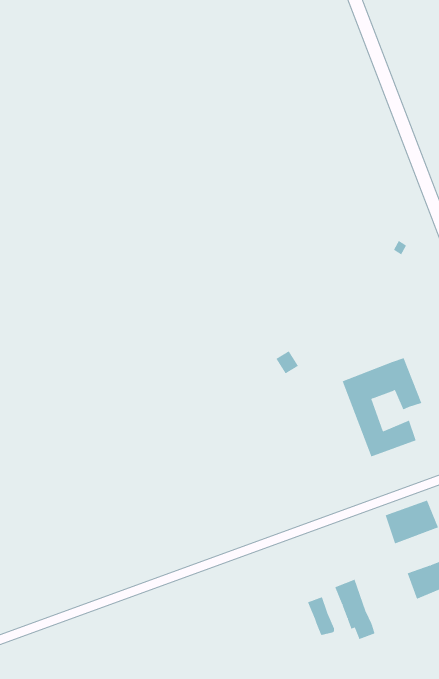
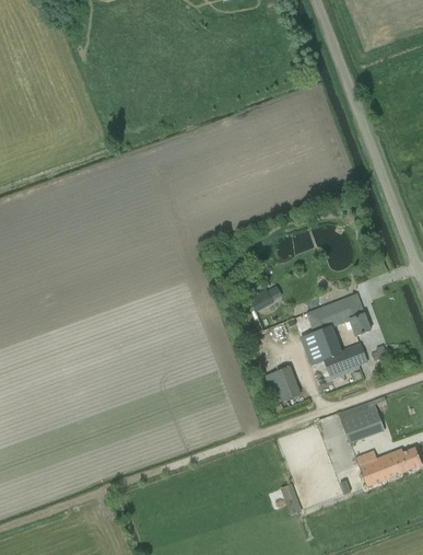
building: none -> [269,365,303,402]
building: [335,579,375,640] -> none

